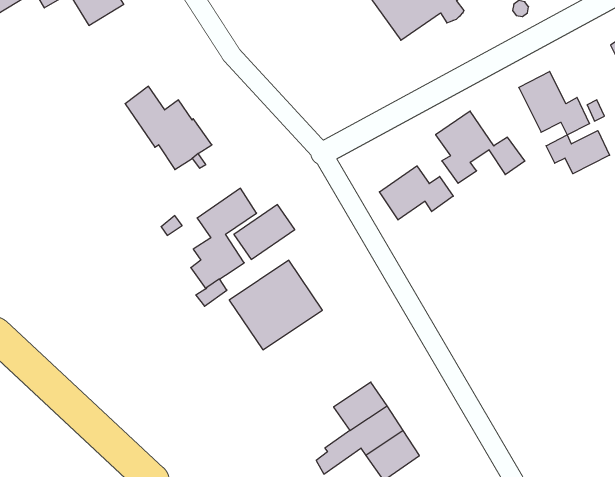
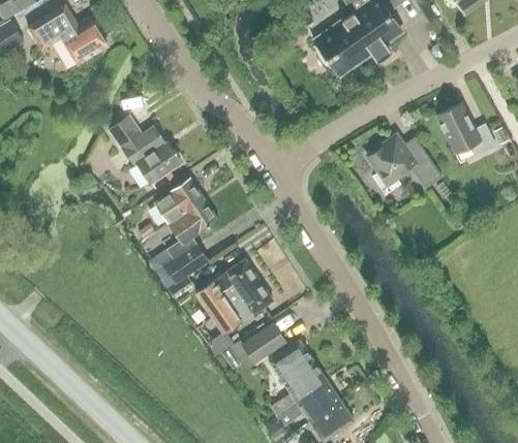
building: [546,131,610,174] -> none
building: [379,166,453,220] -> none
building: [234,205,295,259] -> [154,178,205,223]
building: none -> [231,320,286,365]
building: none -> [269,339,313,380]

